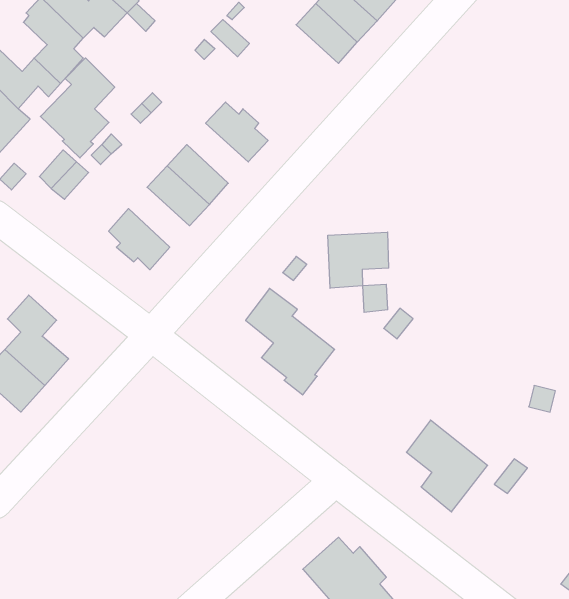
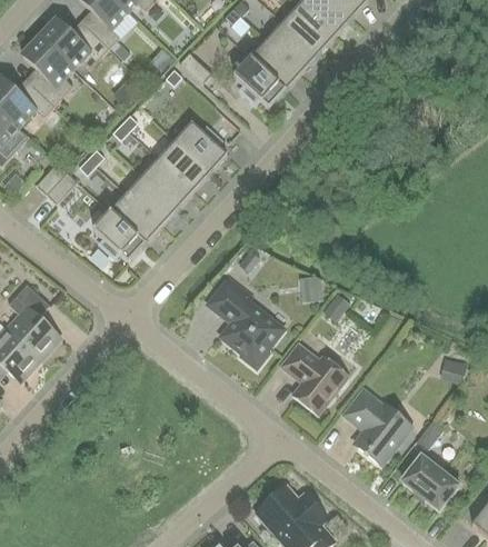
building: none -> [233,57,286,107]
building: [40,58,115,158] -> none
building: none -> [159,139,210,189]
building: none -> [110,192,161,242]
building: [328,232,389,288] -> none
building: none -> [280,342,348,414]
building: none -> [401,455,458,509]

